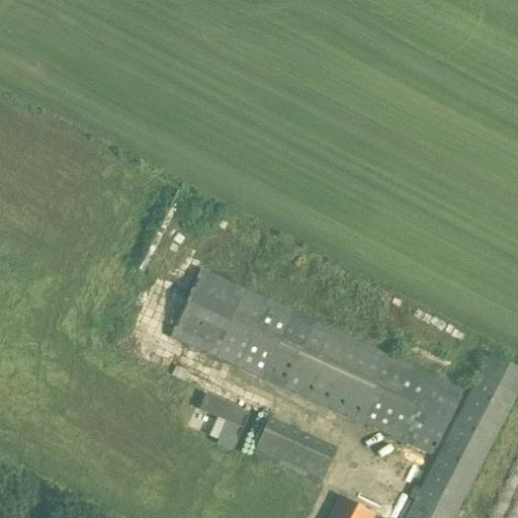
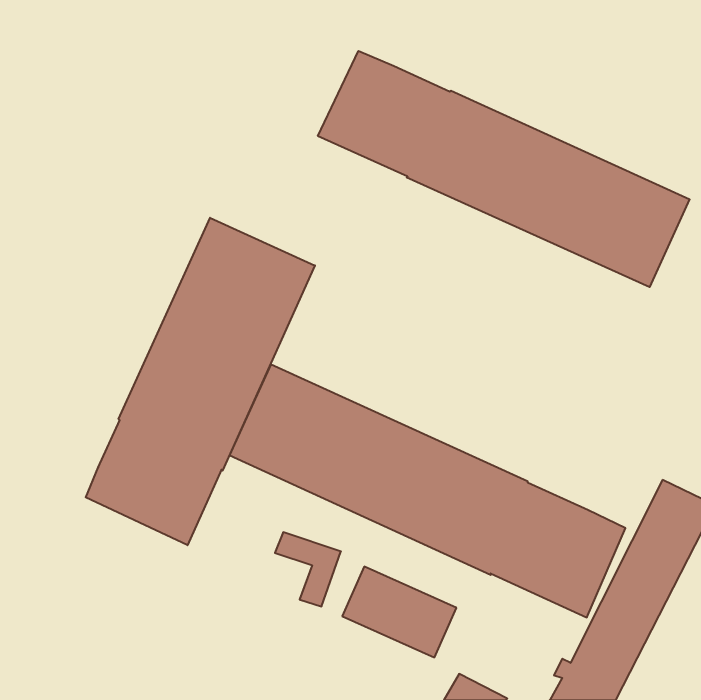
building: none -> [318,51,690,287]
building: none -> [86,218,315,545]

